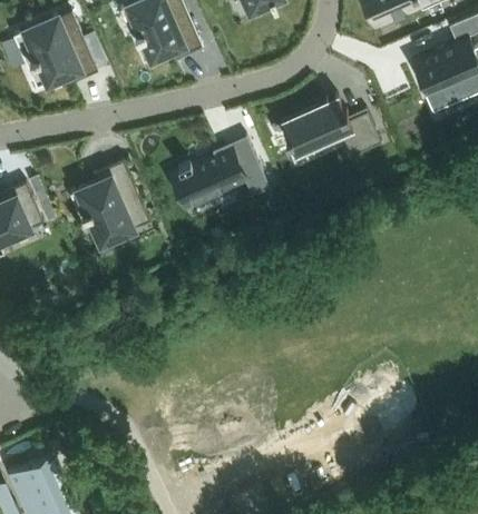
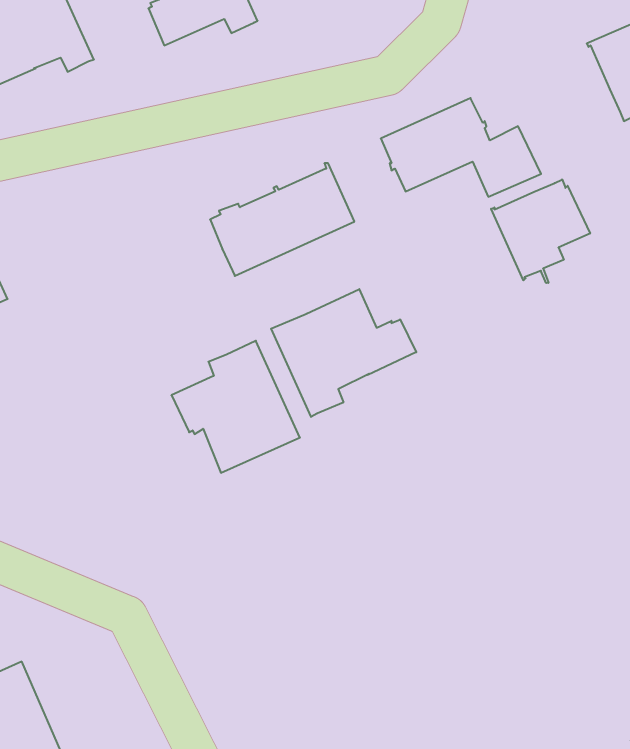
building: none -> [491,179,590,283]
building: [70,162,152,246] -> [171,341,300,473]
building: none -> [271,289,416,417]

